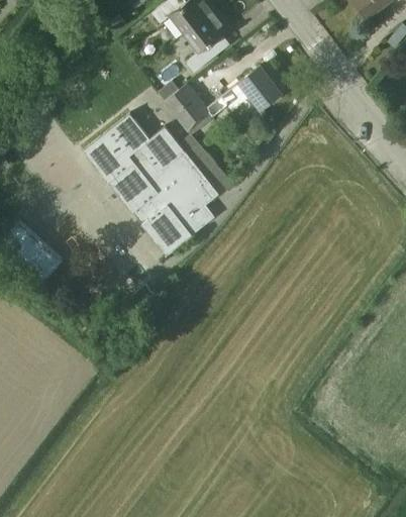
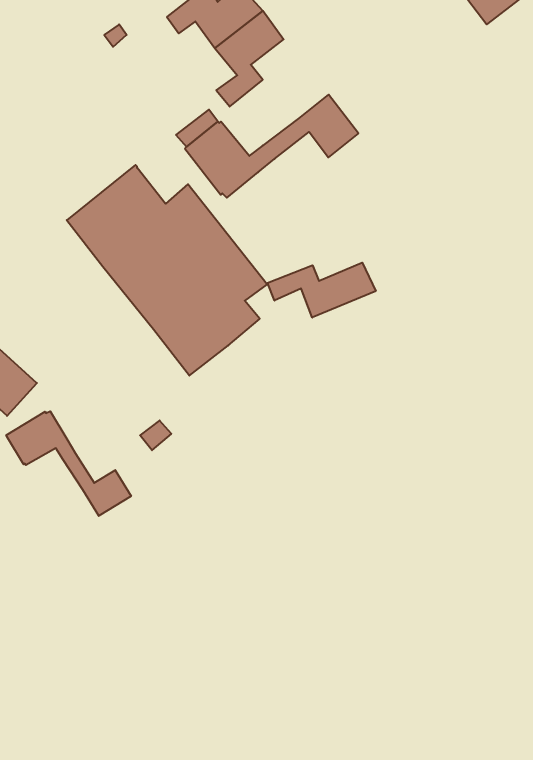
building: none -> [268,263,376,318]
building: none -> [6,411,131,516]

